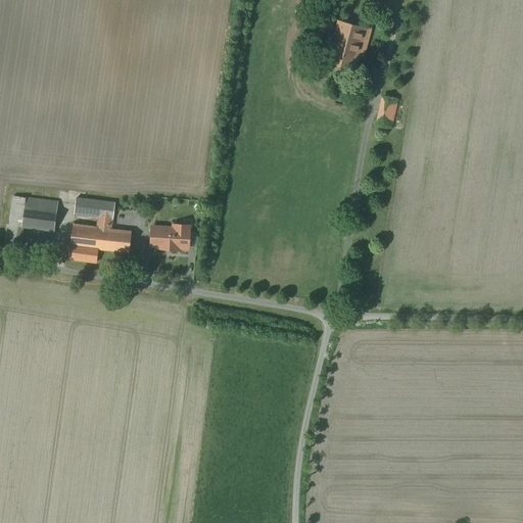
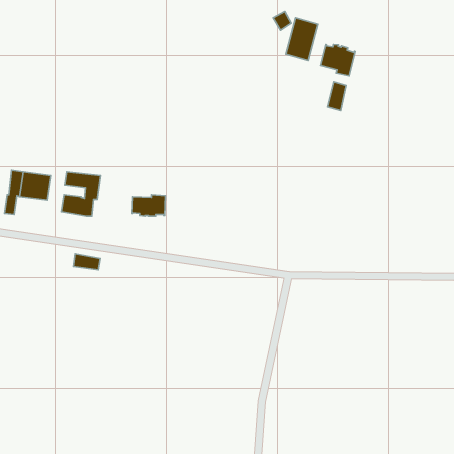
building: none -> [320,44,355,76]
building: [106,229,132,251] -> none
building: [69,243,100,262] -> [73,254,100,270]

